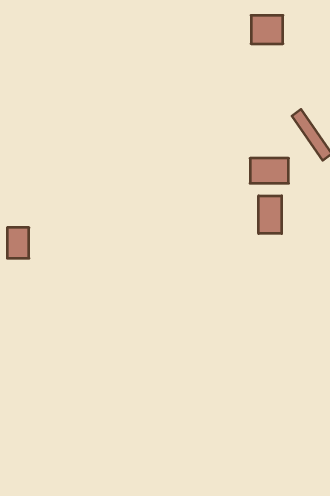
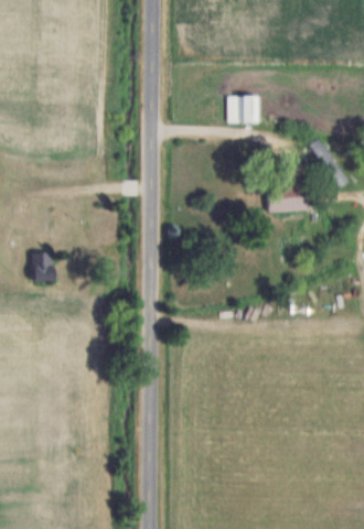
building: [251,15,283,44] -> [227,96,258,123]
building: [259,196,282,234] -> none

